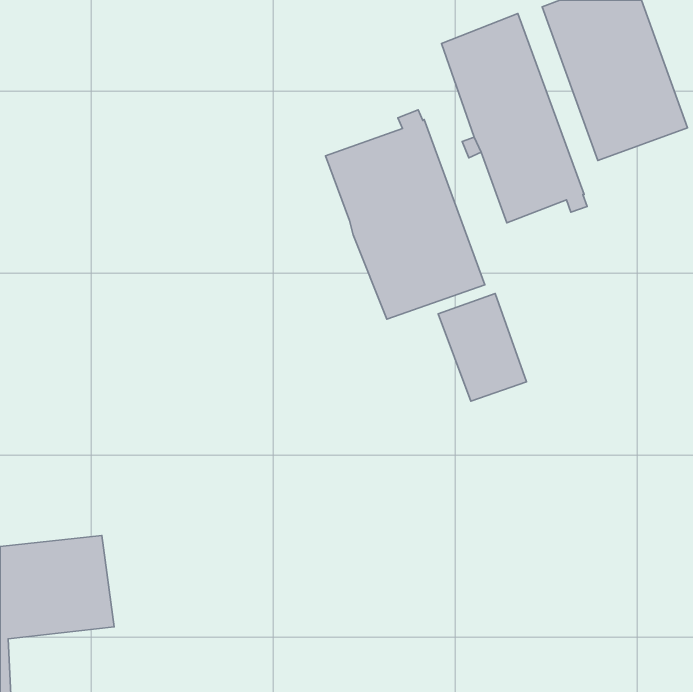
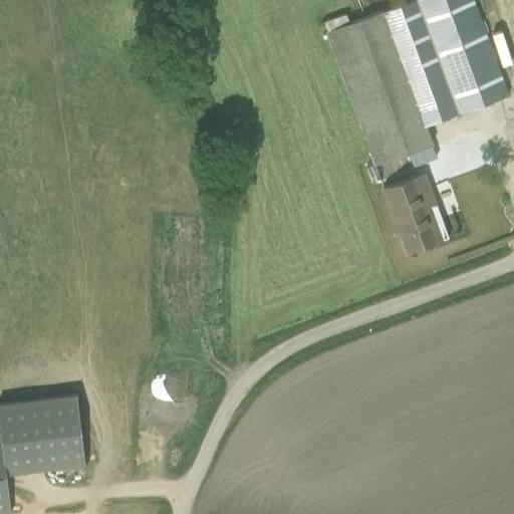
building: [325,110,485,319] -> none
building: [438,294,526,401] -> [383,175,449,254]

